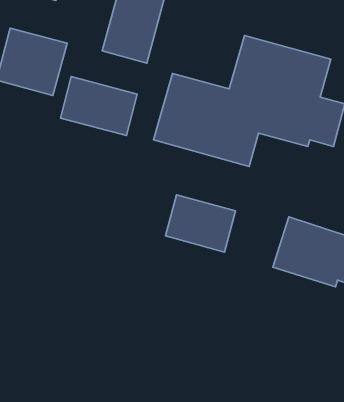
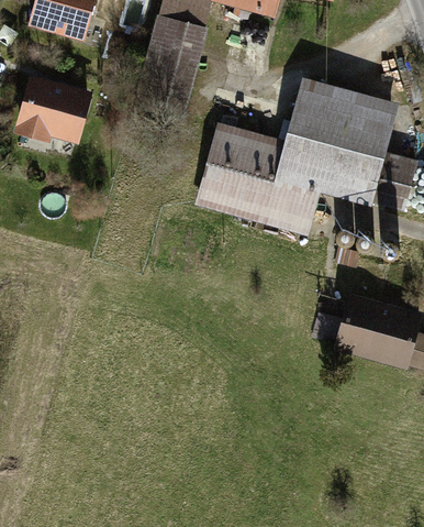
building: [61,76,137,136] -> none
building: [166,195,235,252] -> none

